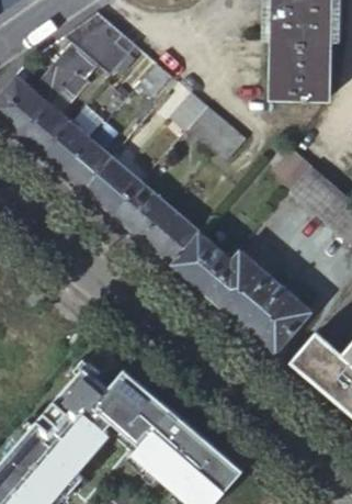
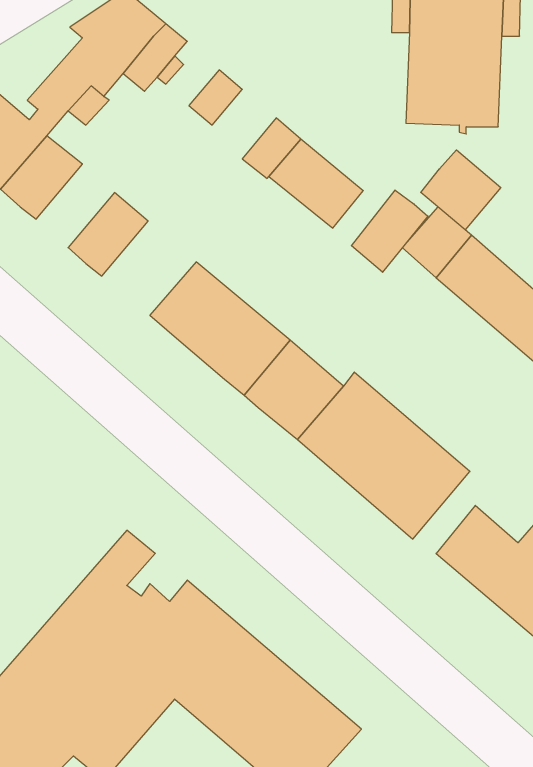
building: [43,108,102,173] -> none
building: none -> [421,150,501,230]
building: none -> [351,190,428,272]
building: [83,157,141,215] -> none

